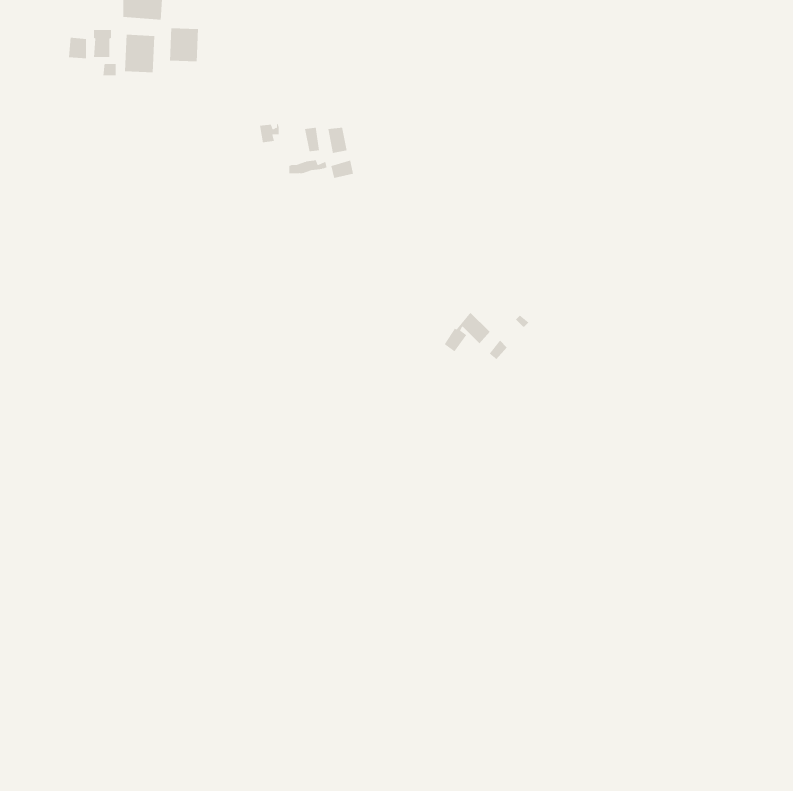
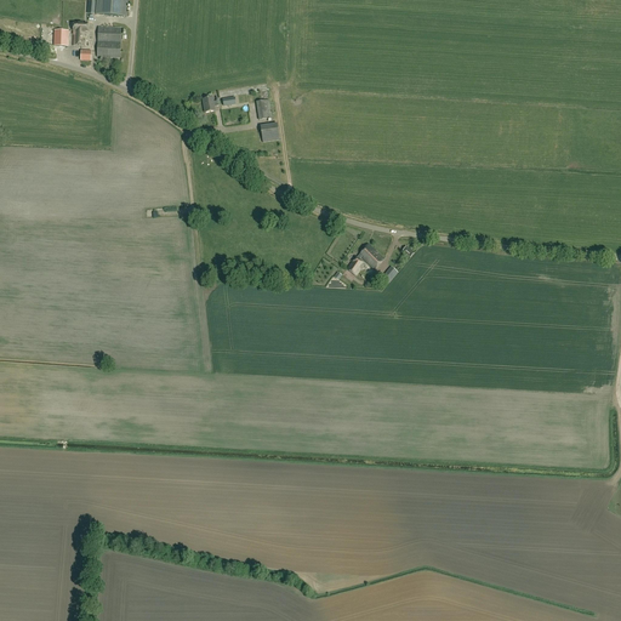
building: [169,28,199,62] -> none

